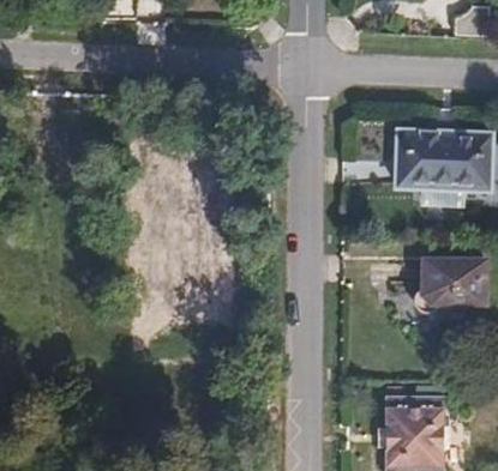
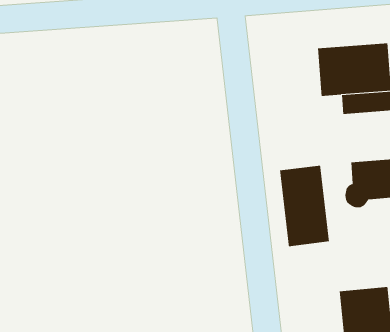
building: none -> [279,165,330,247]

